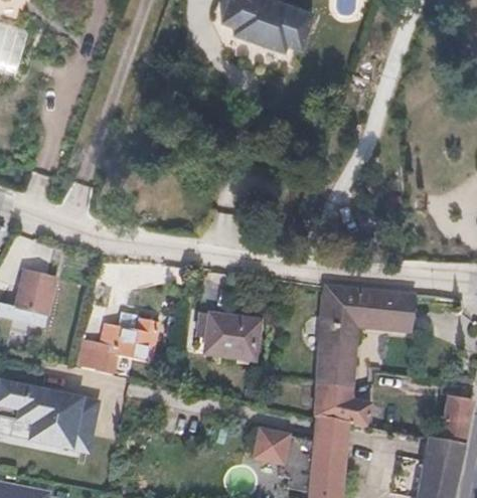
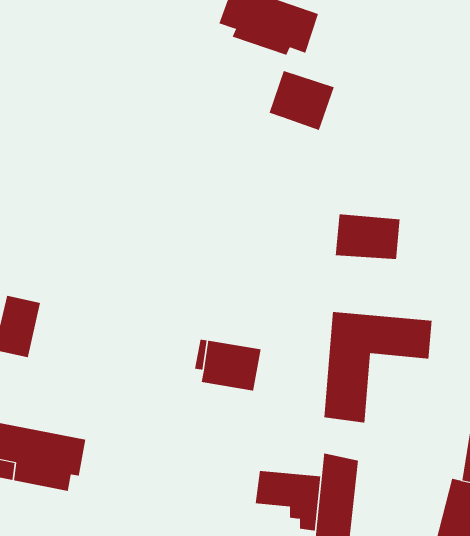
building: none -> [269,70,335,131]
building: none -> [335,214,400,260]
building: [93,316,158,374] -> none
building: [313,382,375,426] -> none

